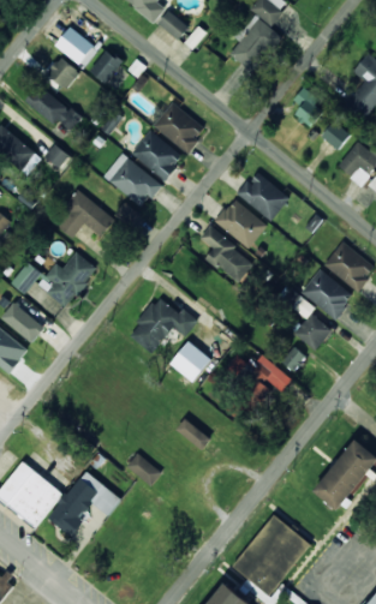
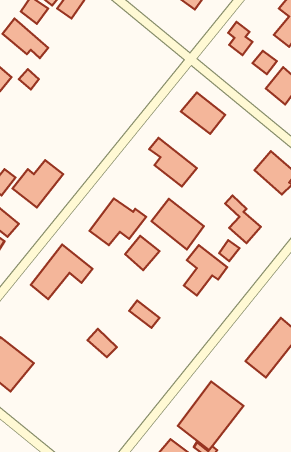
building: [153,101,205,153] -> none
building: [131,130,183,179] -> none
building: [103,153,161,207] -> none
building: [53,190,117,238] -> none
building: [215,198,268,249] -> none
building: [300,268,353,318] -> none
building: none -> [152,199,204,250]
building: [48,470,121,534] -> [31,245,93,299]

